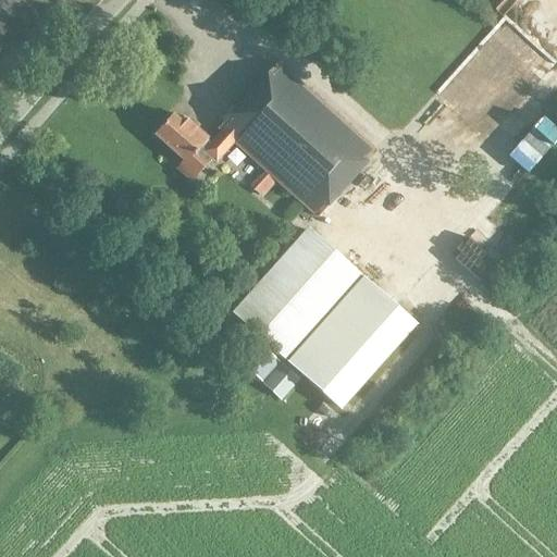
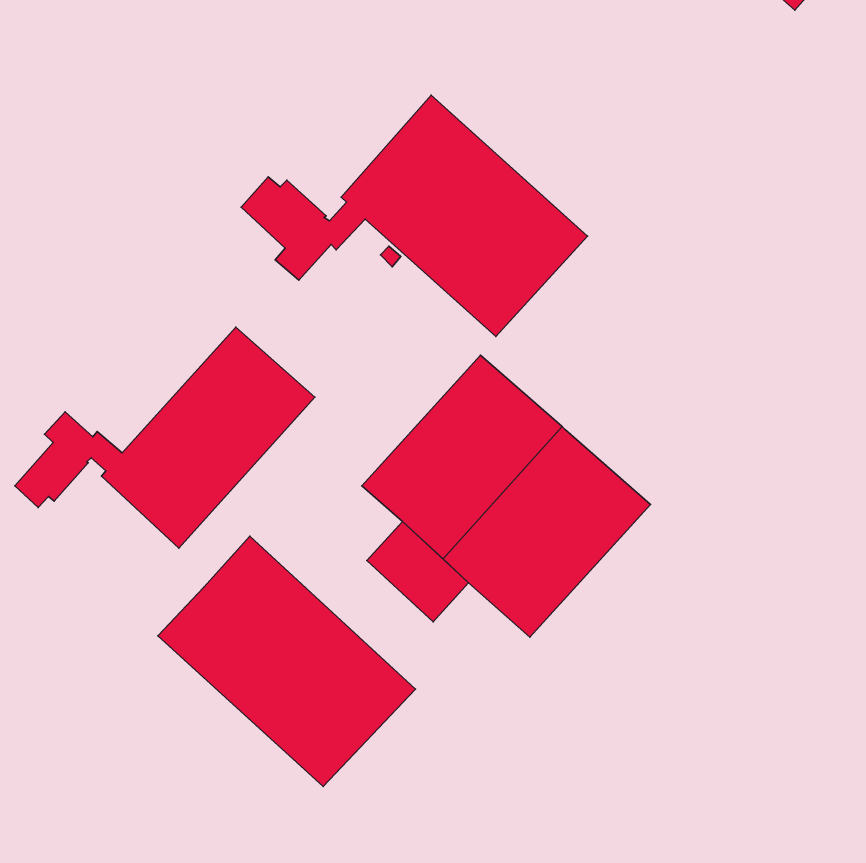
building: none -> [15,327,315,548]
building: none -> [158,536,415,787]

